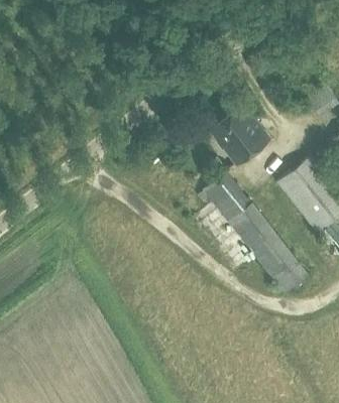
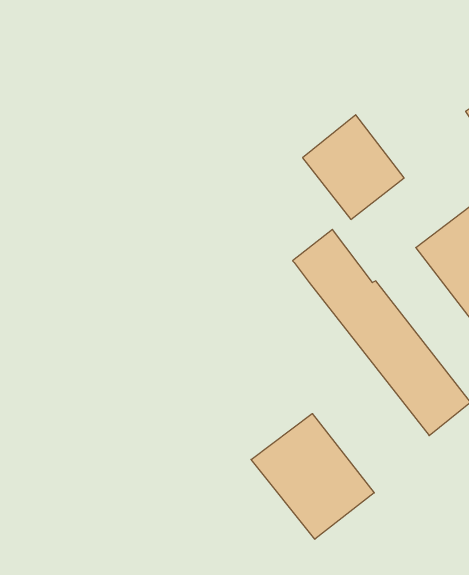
building: none -> [251,414,374,539]

